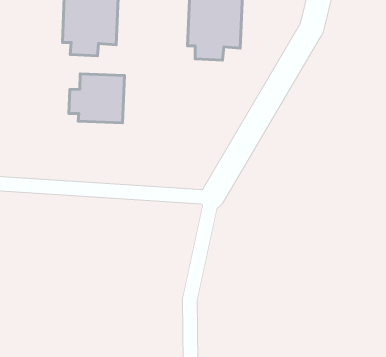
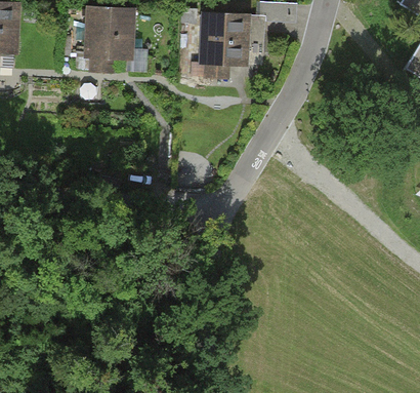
building: [69,74,124,123] -> none

